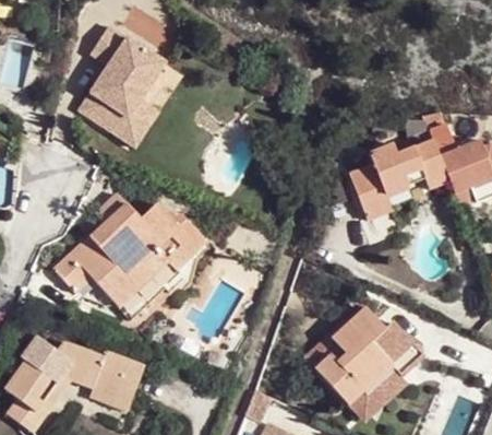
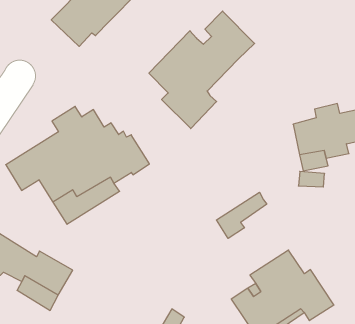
building: none -> [149,11,255,129]
building: [112,98,158,145] -> none
building: none -> [216,192,267,238]

